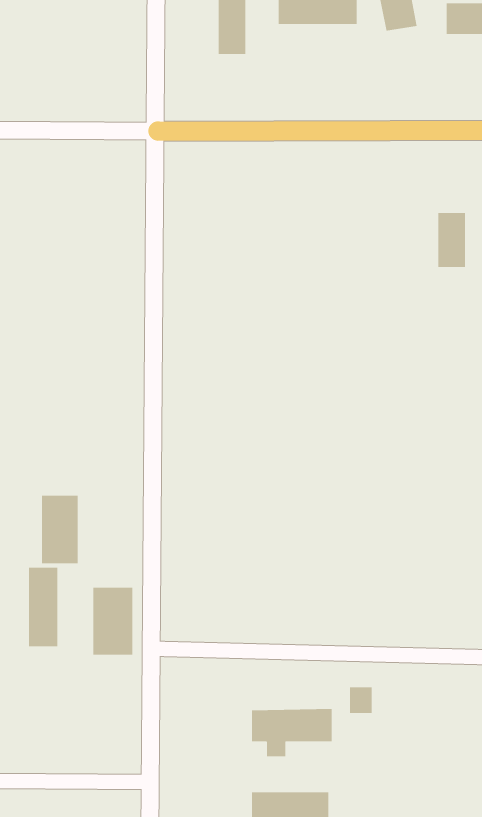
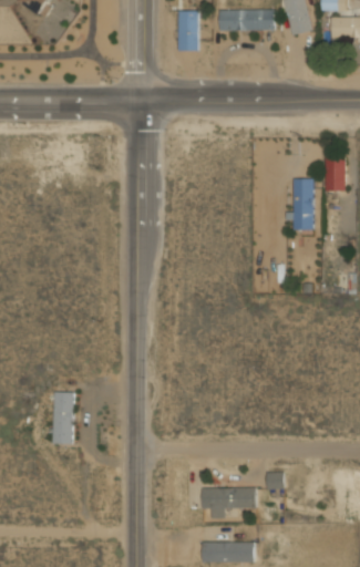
building: none -> [292,177,313,230]
building: [42,495,78,564] -> none
building: [93,587,133,655] -> none

